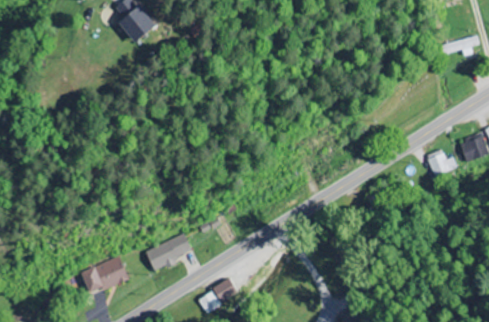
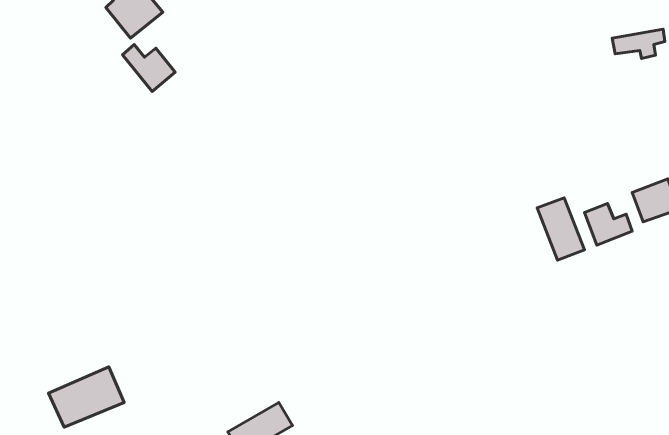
building: none -> [122,44,175,91]
building: none -> [537,198,585,260]
building: [145,233,194,270] -> none

